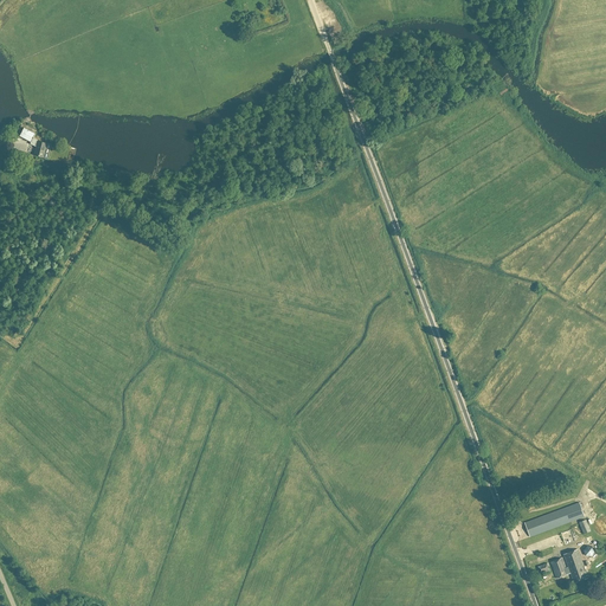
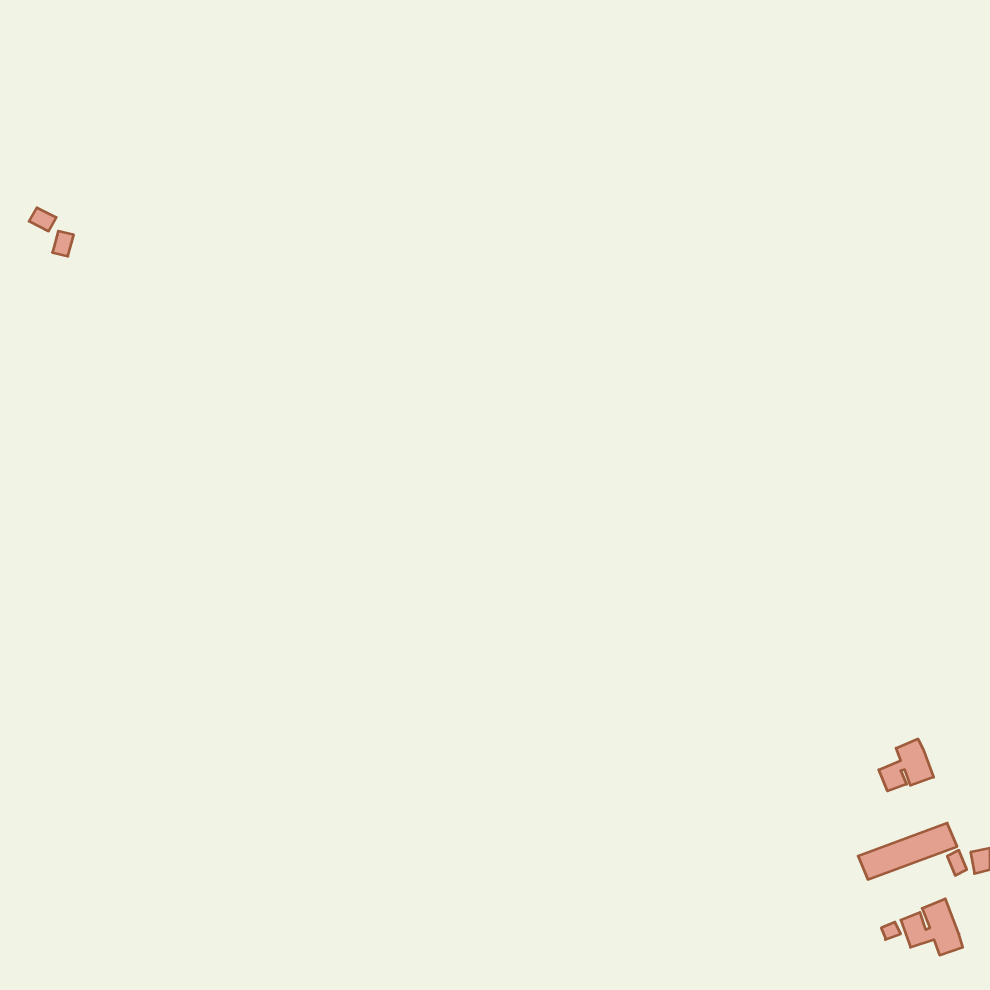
building: none -> [879,739,934,791]

